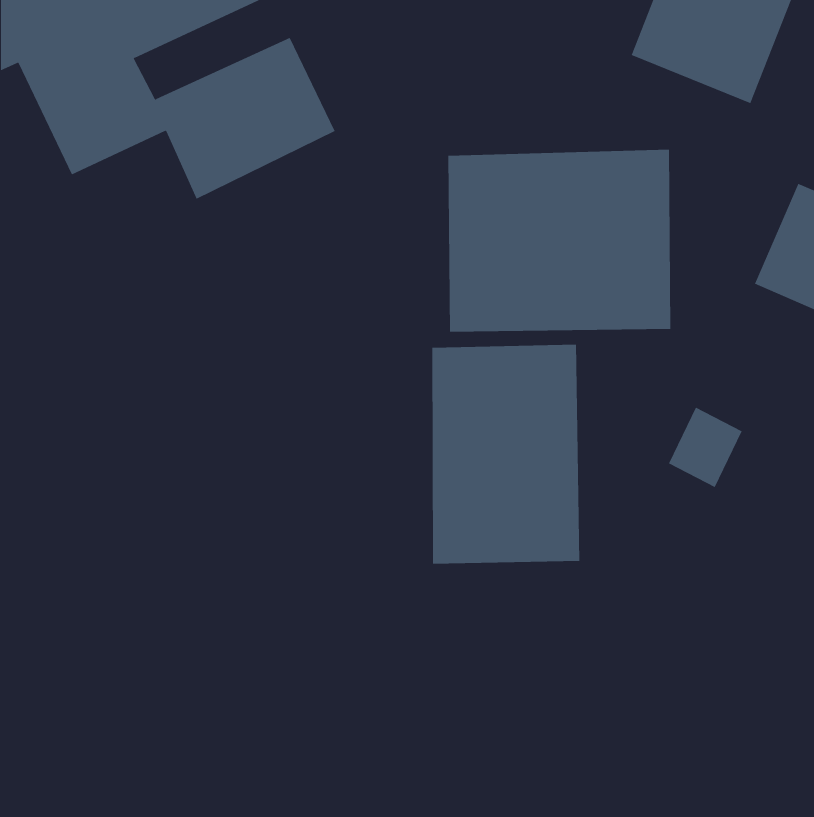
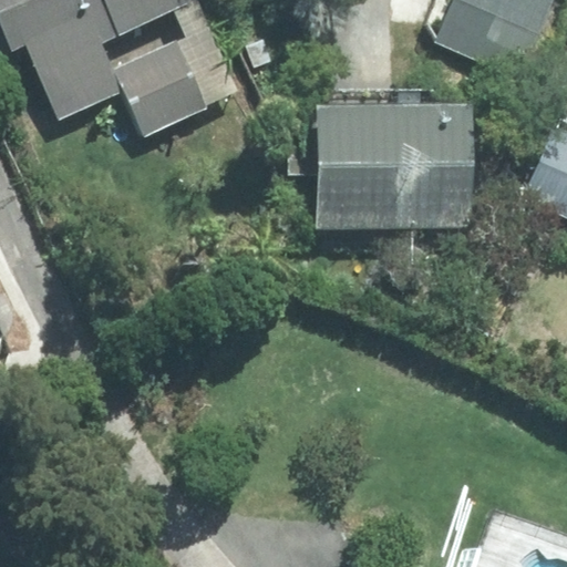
building: [432,344,580,565] -> none

